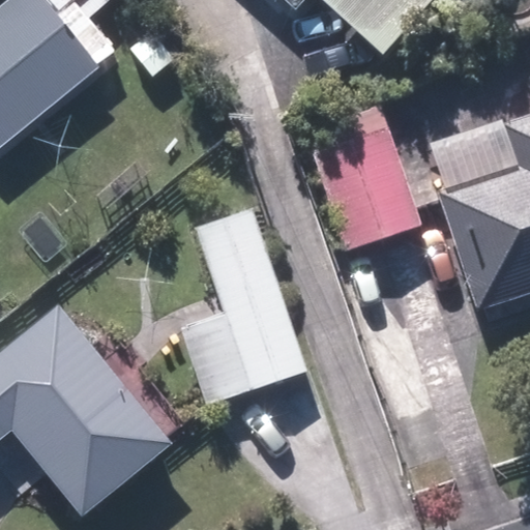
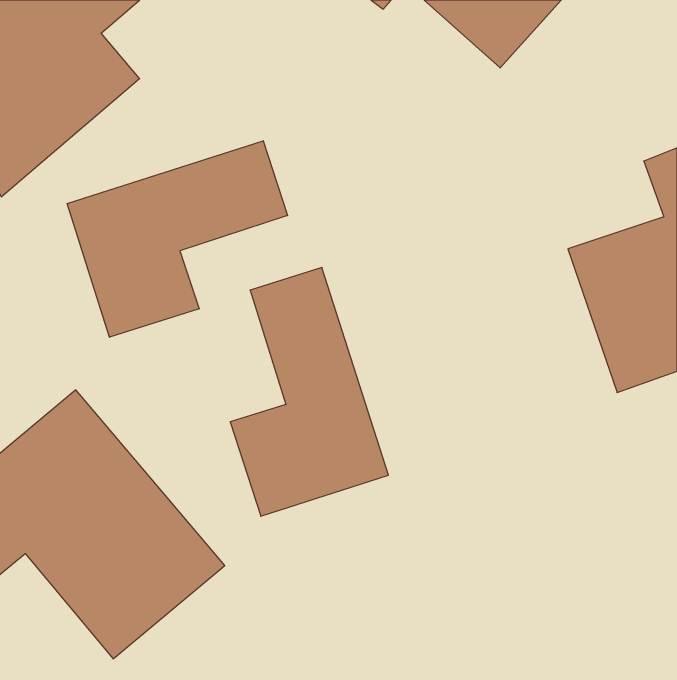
building: none -> [67,141,288,337]
building: [306,118,421,253] -> none

